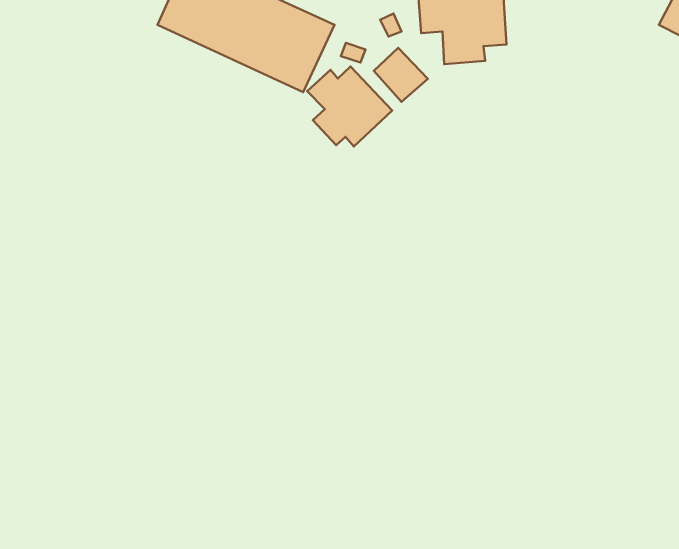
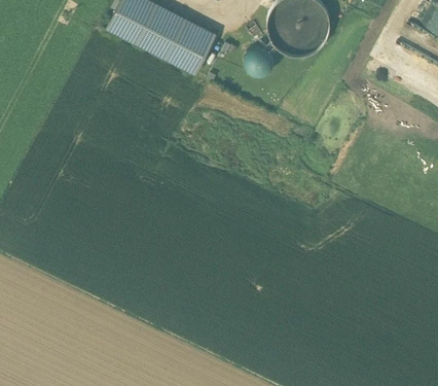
building: [307,67,392,146] -> none

